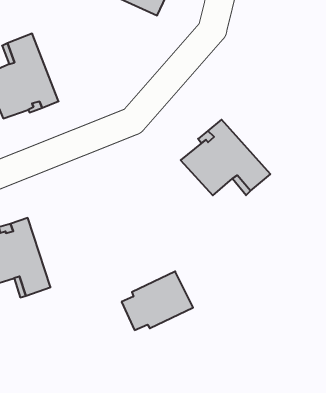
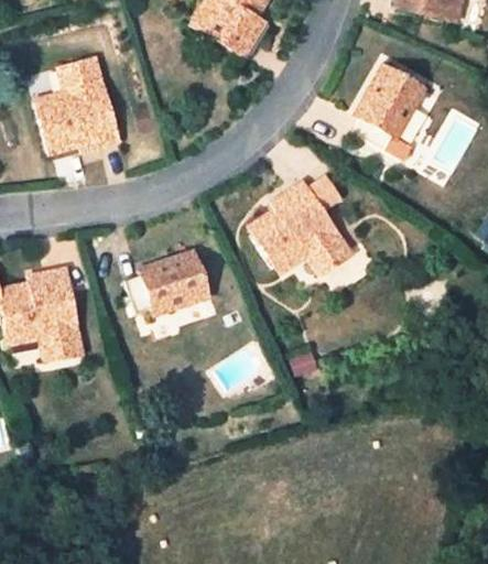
building: none -> [353,64,425,148]
building: [122,271,193,330] -> [128,250,209,312]

